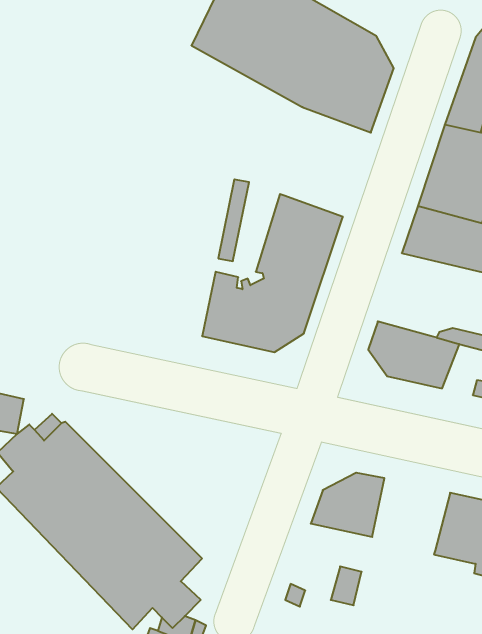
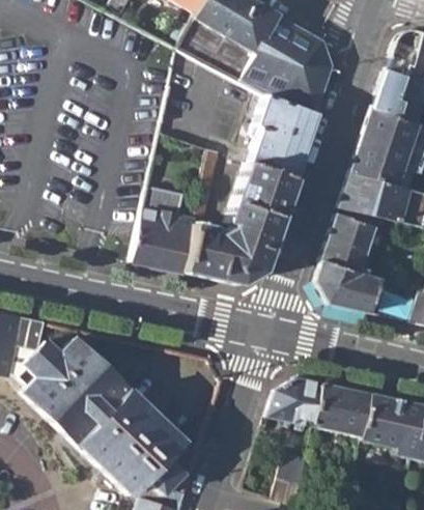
building: none -> [250,95,317,180]
building: none -> [134,187,197,273]
building: none -> [322,213,378,273]
building: none -> [318,382,378,438]

